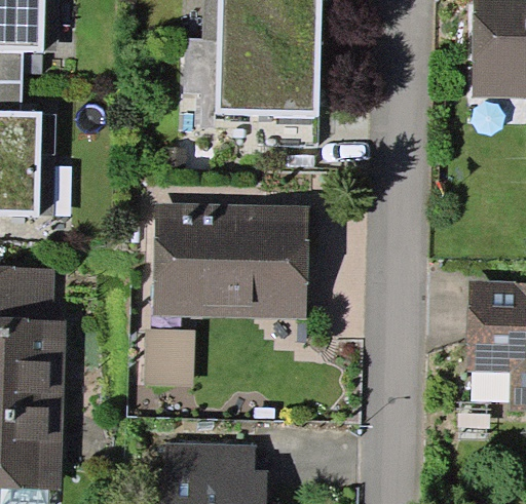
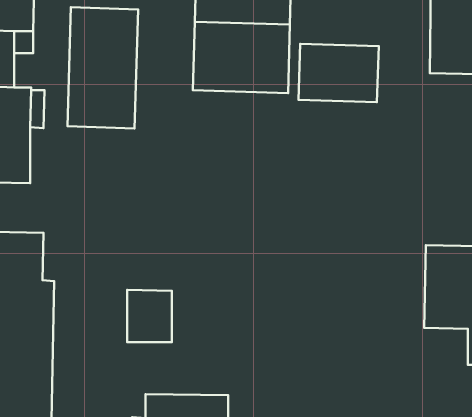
building: none -> [67,7,138,128]
building: none -> [299,44,379,102]
building: [153,203,307,317] -> none

